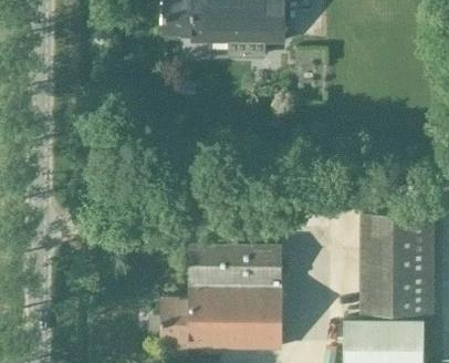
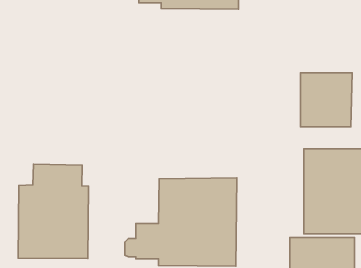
building: none -> [301,73,352,127]
building: none -> [18,164,89,259]

